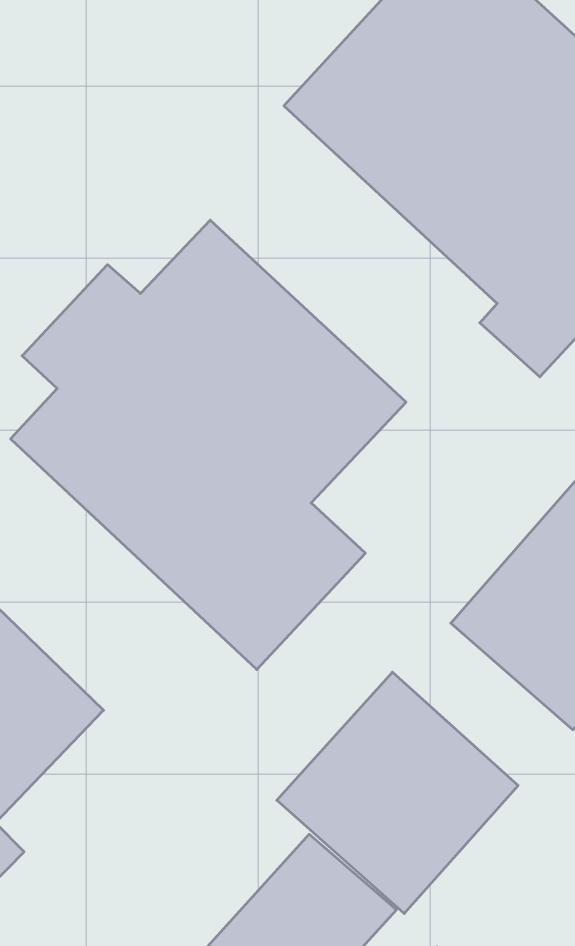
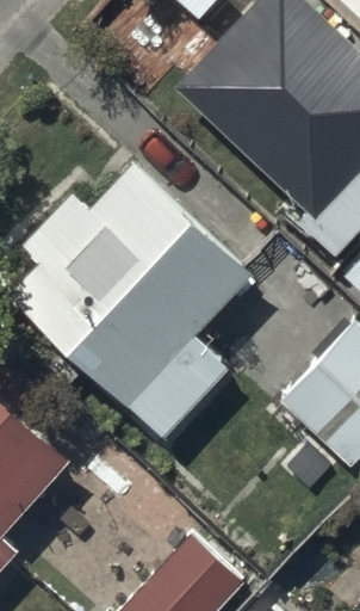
building: [277,672,518,914] -> none

